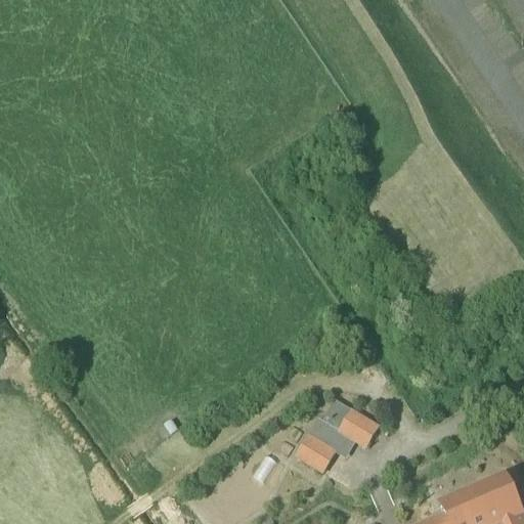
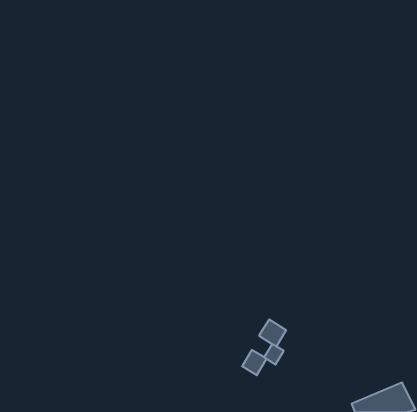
building: [346,413,377,445] -> none
building: [296,416,341,458] -> none

